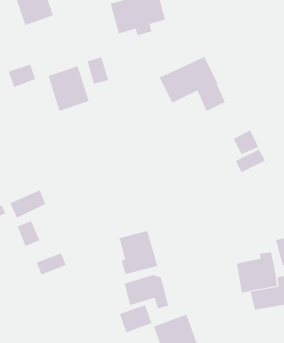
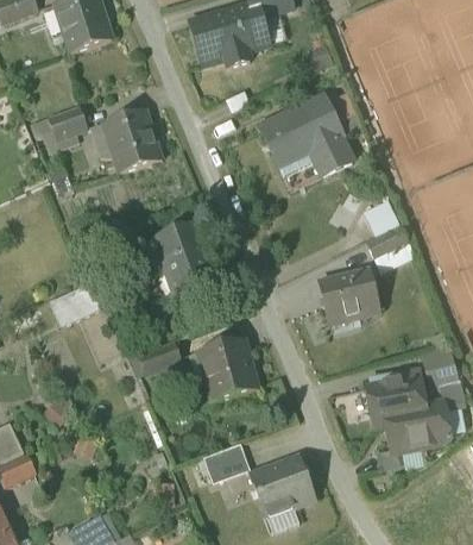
building: [87,57,109,85] -> none
building: none -> [153,220,217,296]
building: none -> [317,267,380,324]
building: [17,220,40,247] -> none
building: [36,252,66,275] -> [138,340,181,372]
building: [124,275,169,309] -> none

